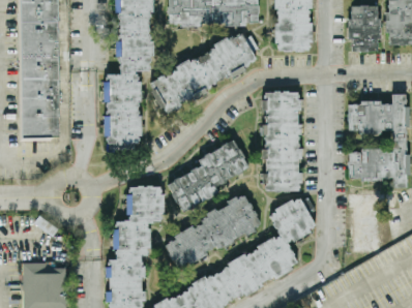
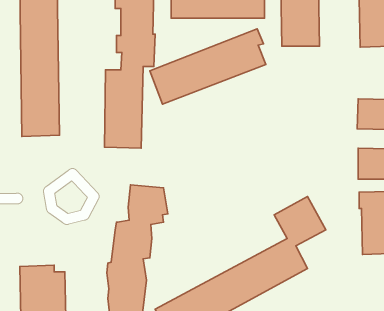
building: [259,90,301,190] -> none
building: [166,142,248,211] -> none
building: [161,196,261,270] -> none

